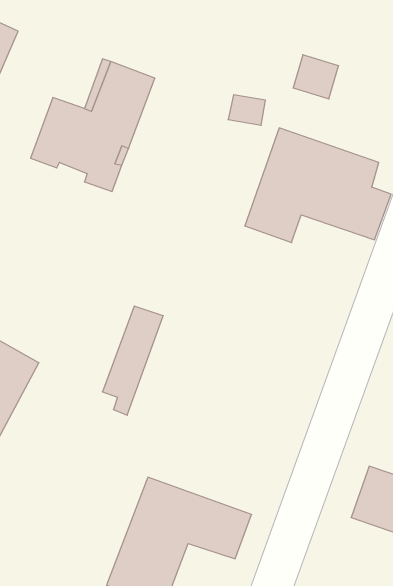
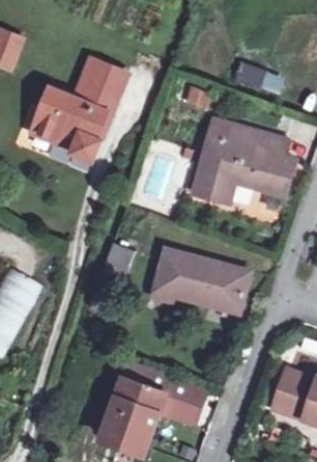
building: none -> [155,240,254,308]

